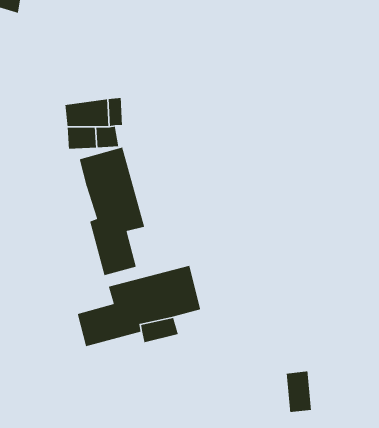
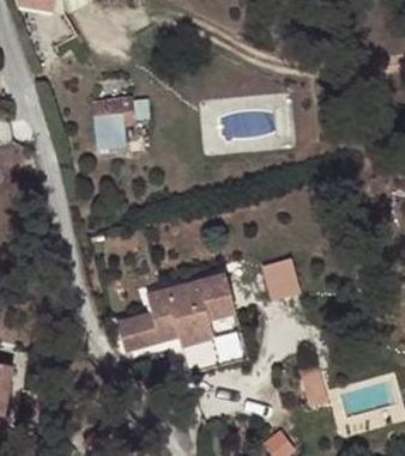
building: [79,147,145,276] -> none
building: none -> [265,256,306,299]

